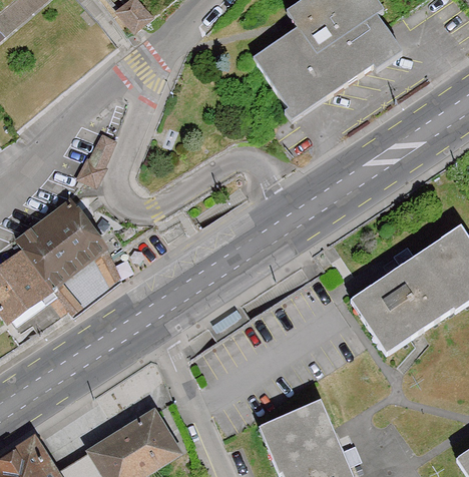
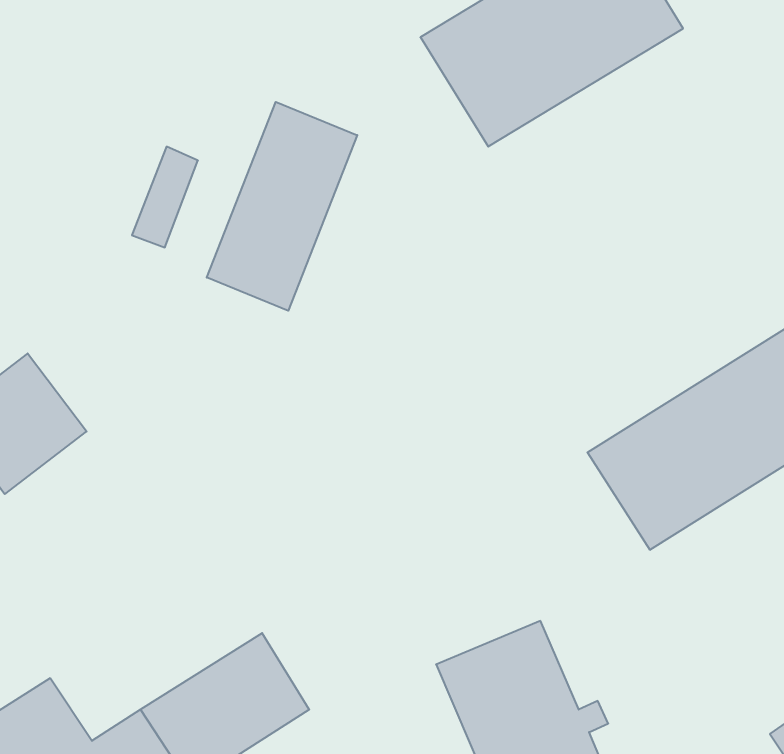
building: none -> [207,102,357,311]
building: [17,192,114,289] -> none

